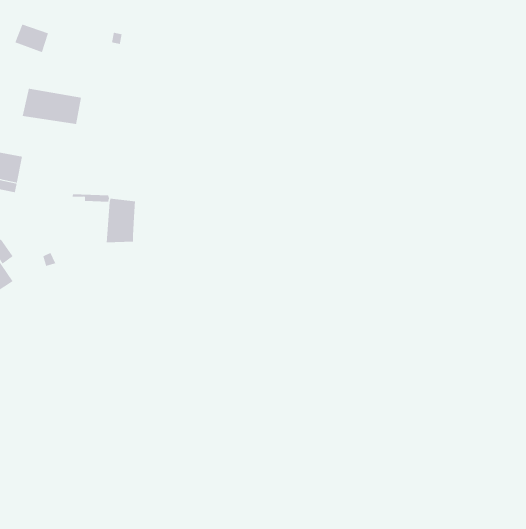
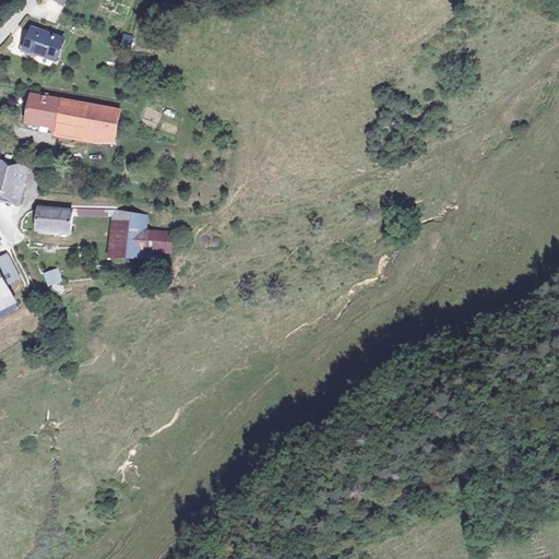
building: none -> [81,104,118,136]
building: none -> [35,207,70,230]
building: none -> [141,229,170,250]

